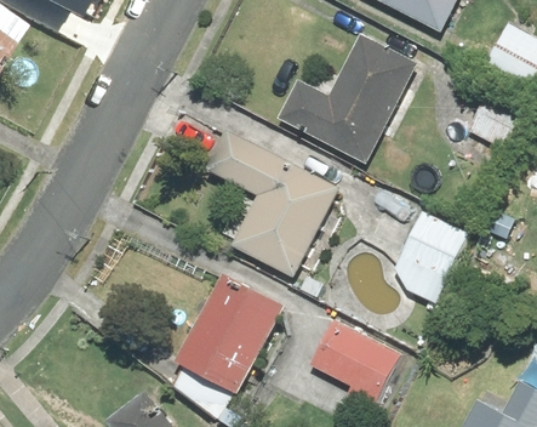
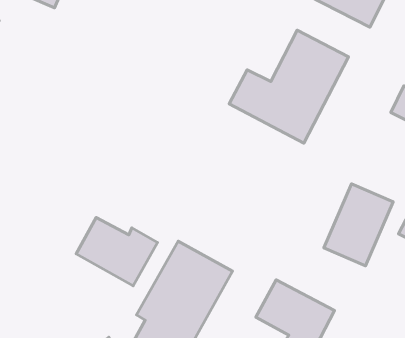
building: [211,127,343,278] -> none
building: none -> [76,217,158,286]

